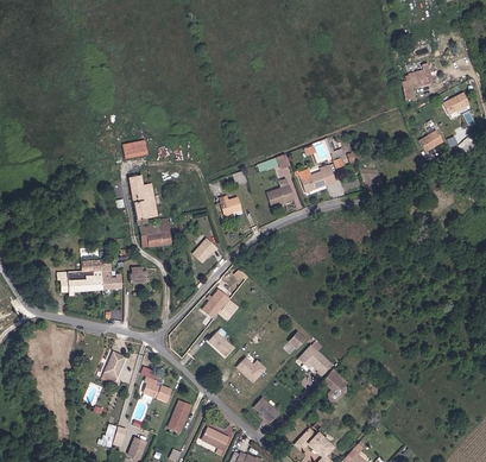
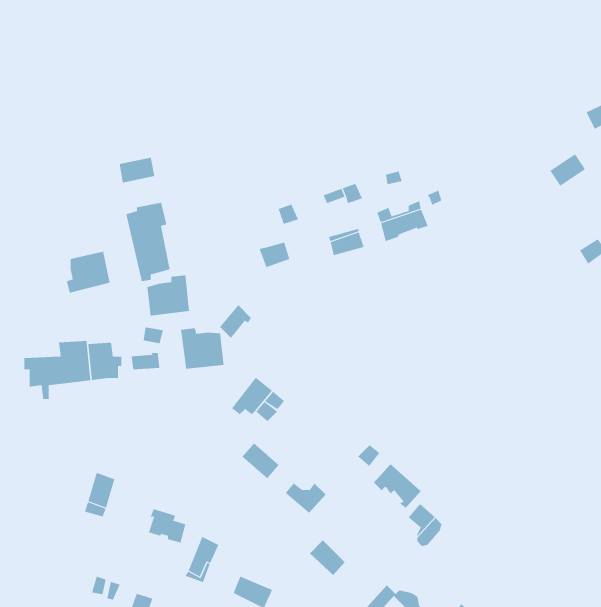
building: [402,64,433,101] -> none
building: none -> [66,251,110,293]
building: none -> [180,327,224,370]

